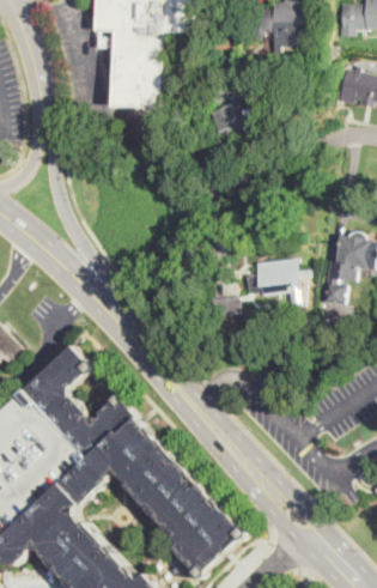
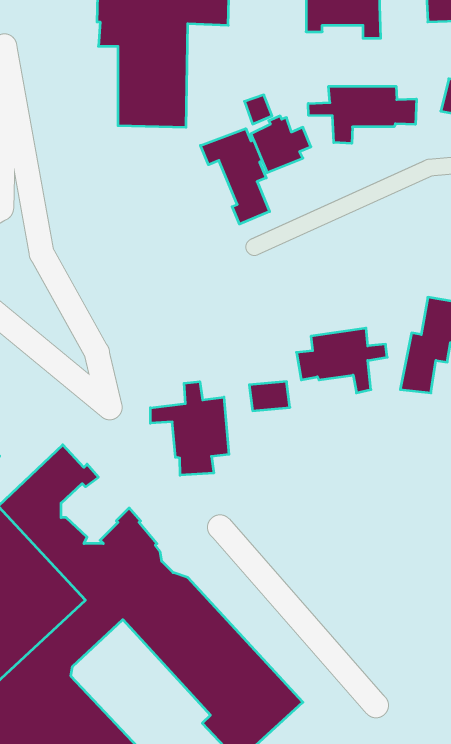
building: none -> [308,86,416,143]
building: none -> [200,129,270,224]
building: none -> [150,382,229,475]

